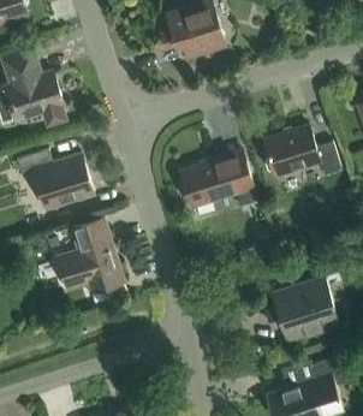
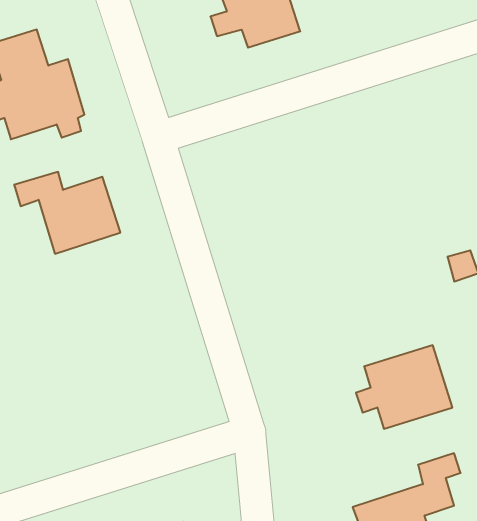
building: [263,127,341,177] -> none
building: [180,153,258,208] -> none
building: [63,216,124,292] -> none

